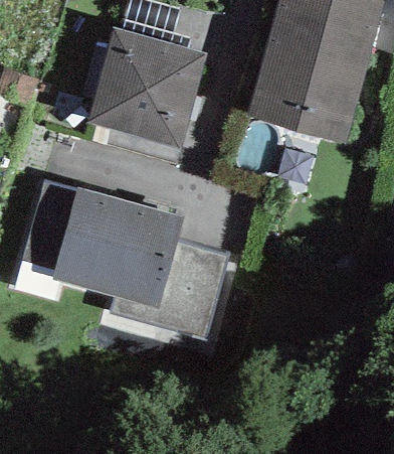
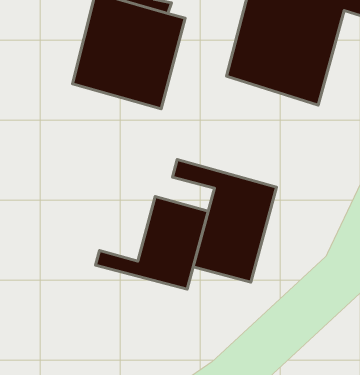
building: [51,188,182,308] -> none
building: none -> [172,160,277,282]

